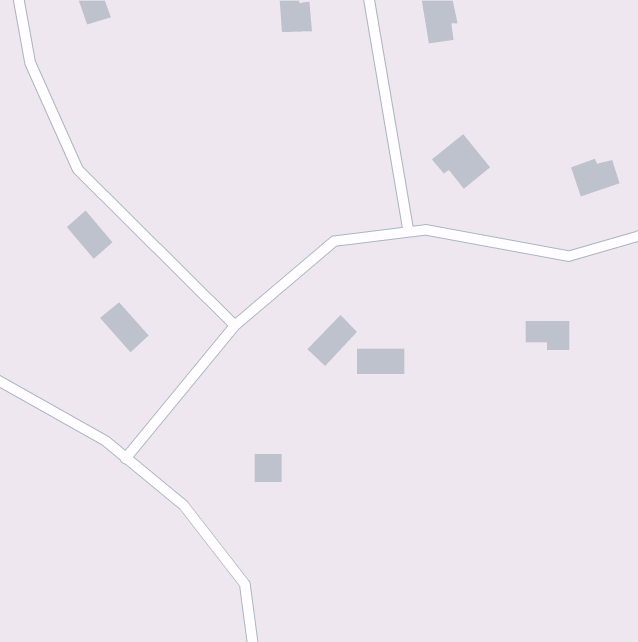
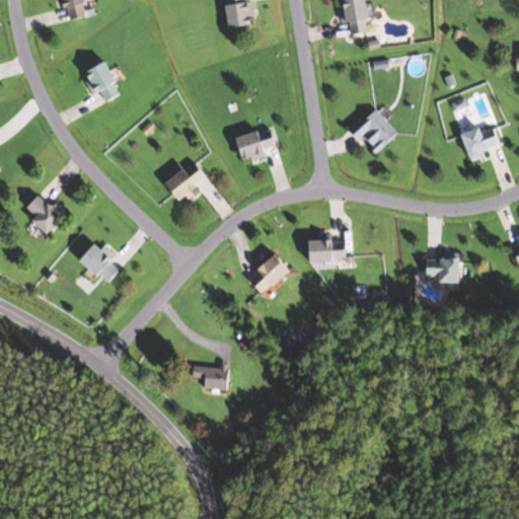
building: none -> [83,61,122,102]
building: none -> [233,128,276,163]
building: none -> [166,161,208,202]
building: [66,210,113,260] -> [24,193,63,233]
building: [356,348,405,375] -> [307,240,347,262]

